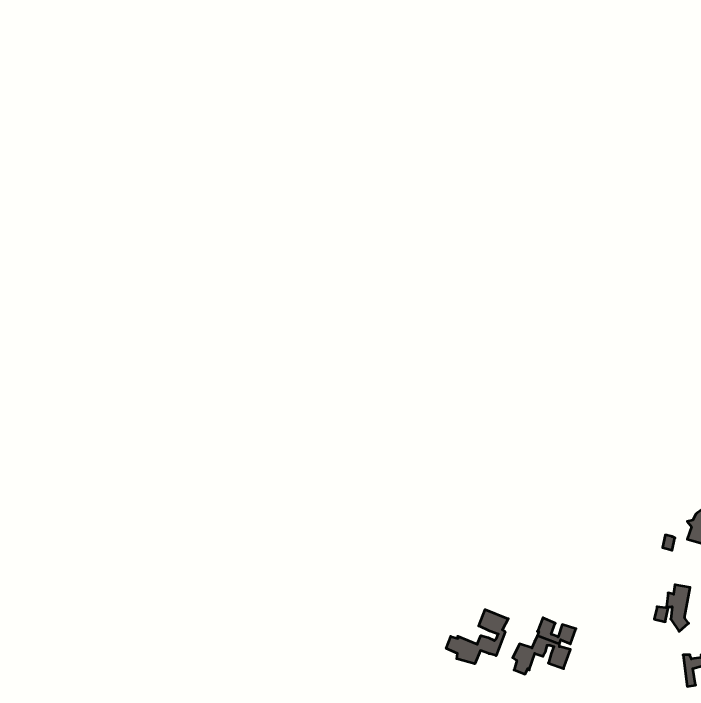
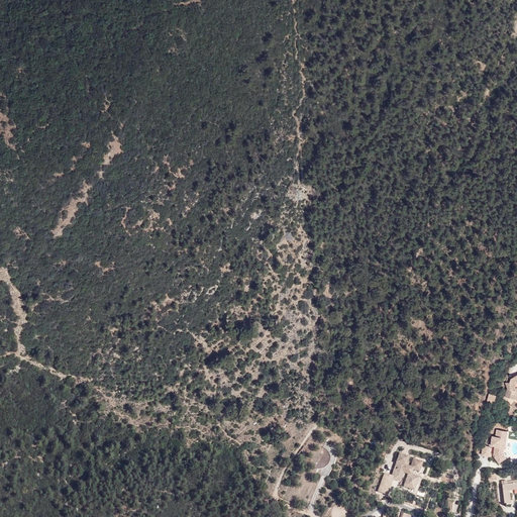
building: [446,610,508,664] -> none

